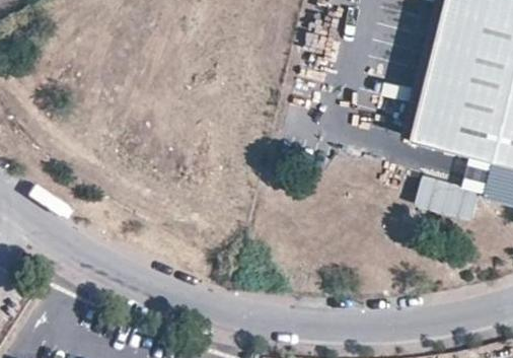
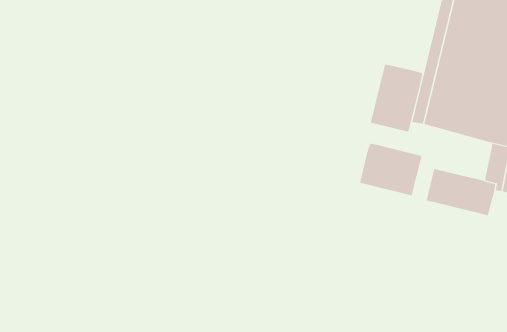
building: none -> [370,63,423,133]
building: none -> [360,143,422,196]

